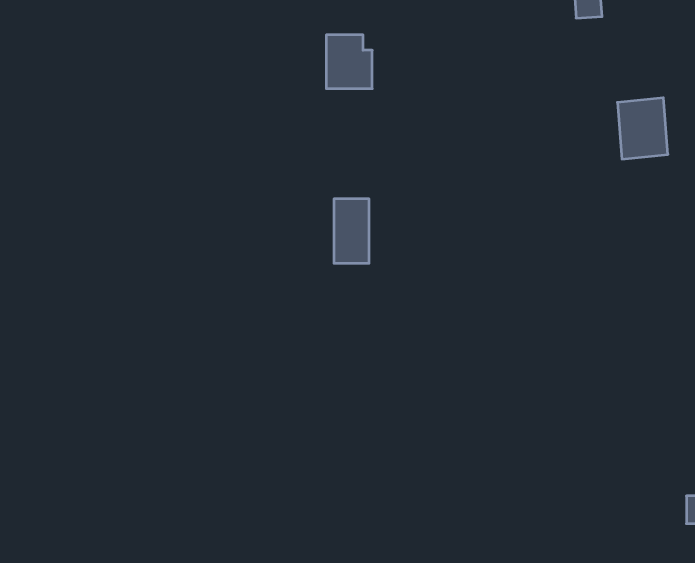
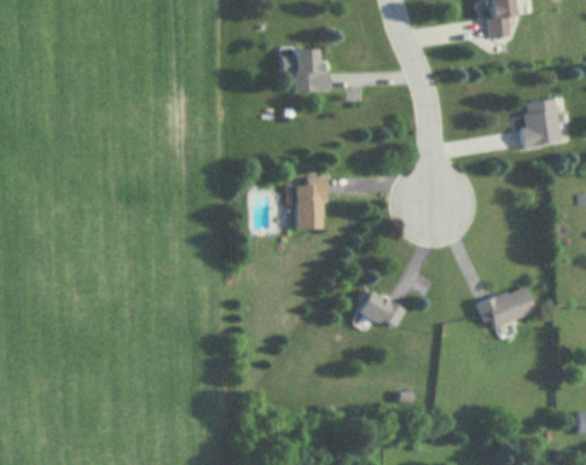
building: none -> [478,284,536,330]
building: none -> [352,286,405,330]

